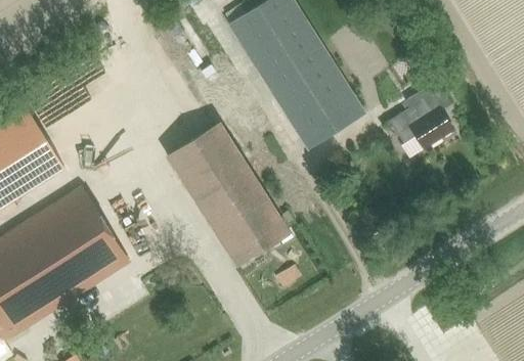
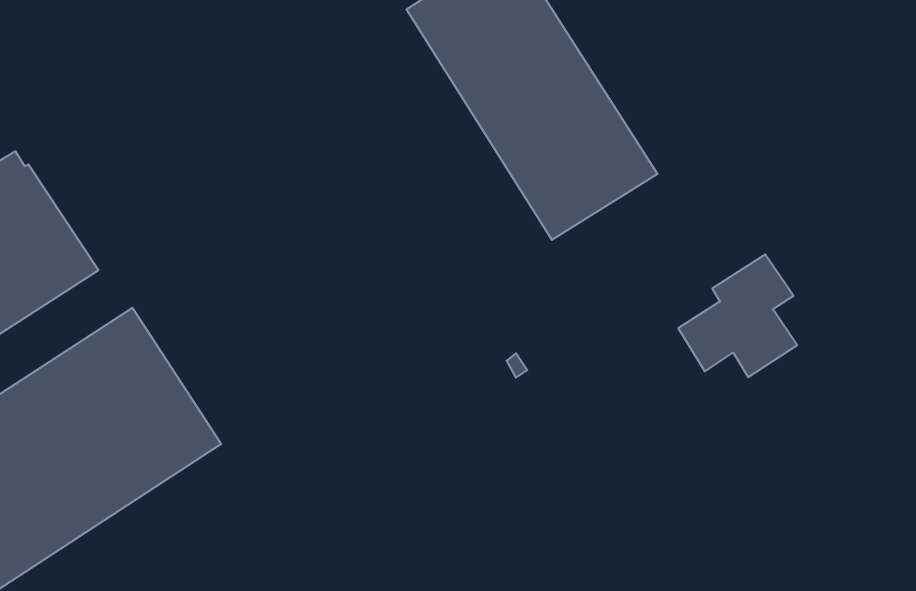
building: [387,85,451,151] -> [678,254,797,377]
building: [168,123,288,261] -> none

